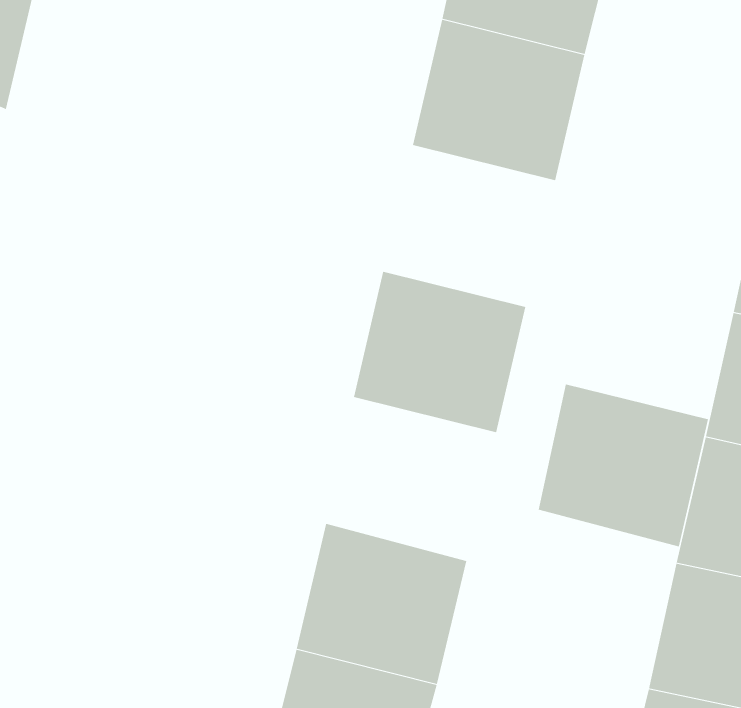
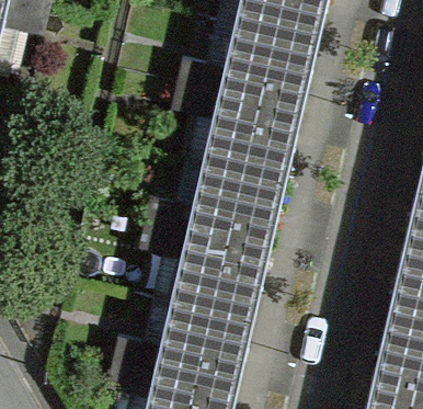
building: none -> [215,88,311,178]
building: [538,384,709,547] -> [183,228,278,319]

